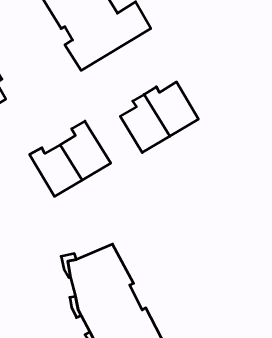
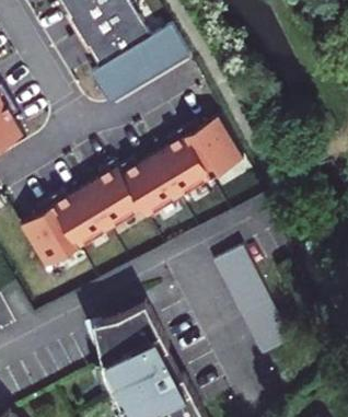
building: none -> [118,157,179,218]
building: none -> [22,200,79,268]
building: none -> [213,247,291,357]

